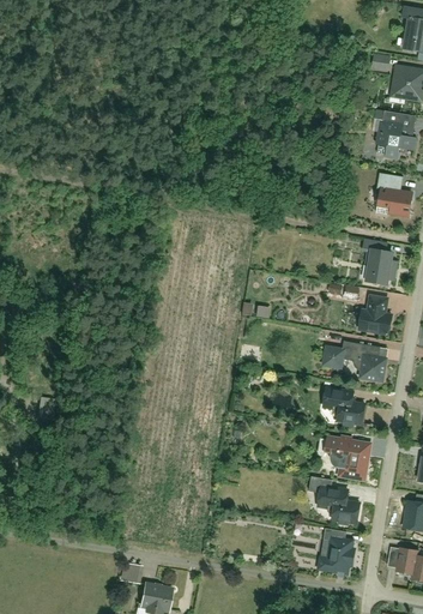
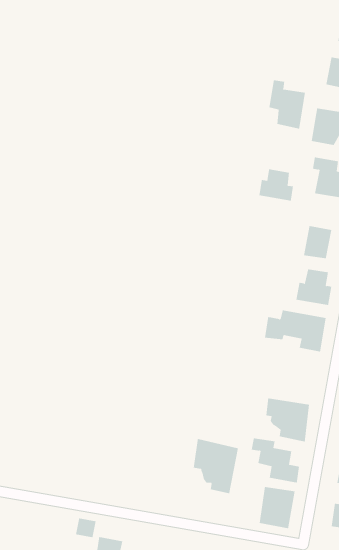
building: none -> [269,79,306,129]
building: none -> [259,168,294,201]
building: [320,385,367,427] -> none
building: none -> [193,438,238,494]

